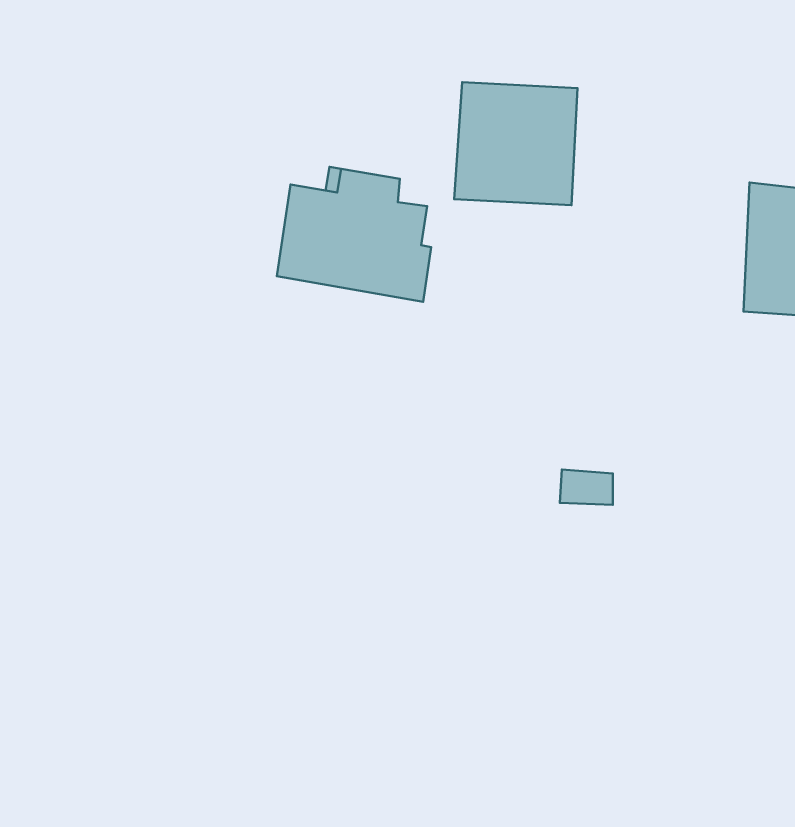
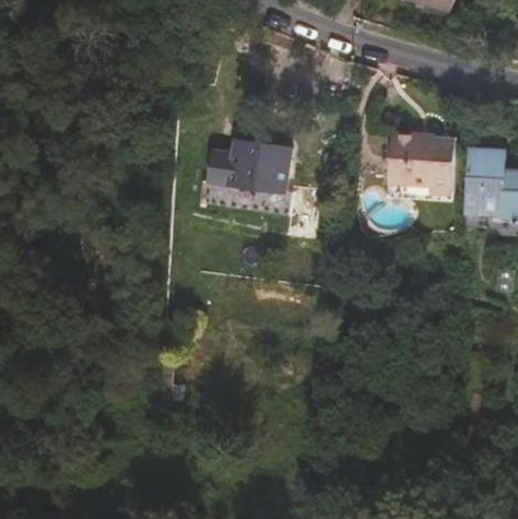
building: [454,82,577,205] -> [388,128,457,197]

